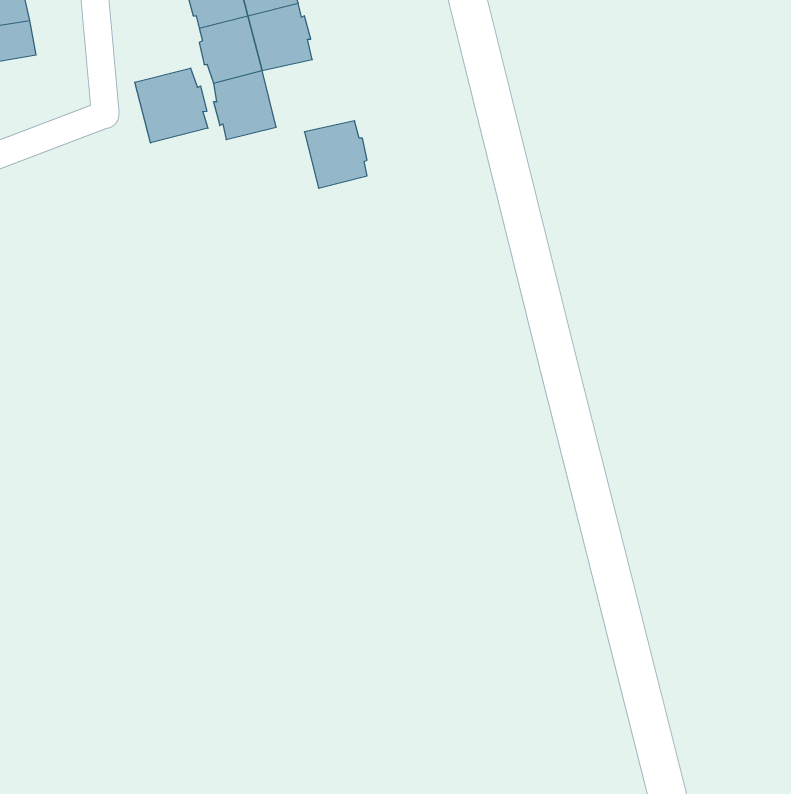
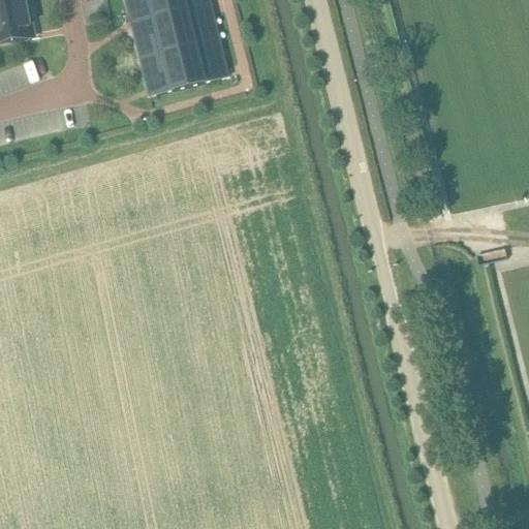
building: [135,68,208,143] -> none
building: [304,121,367,188] -> [173,39,214,84]

